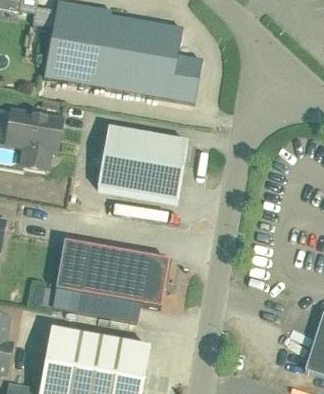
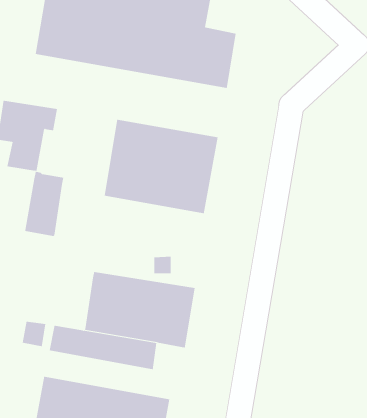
building: [58,241,89,292] -> [25,171,64,236]

